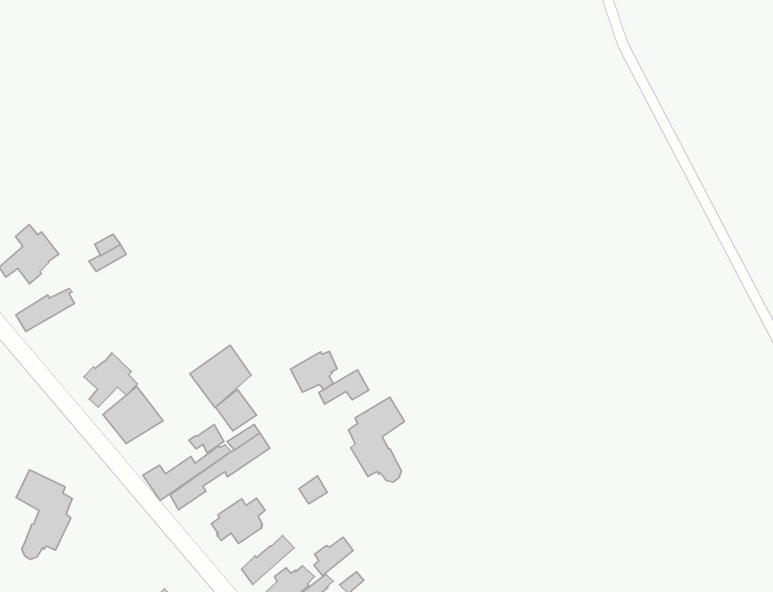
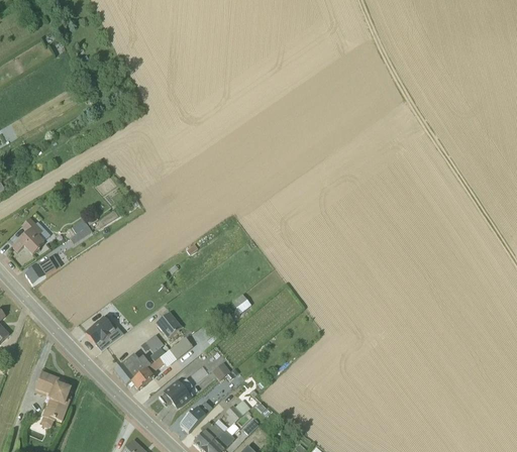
building: [190,345,251,407] -> none
building: [291,352,337,392] -> none
building: [84,353,138,407] -> none
building: [349,397,405,482] -> none

